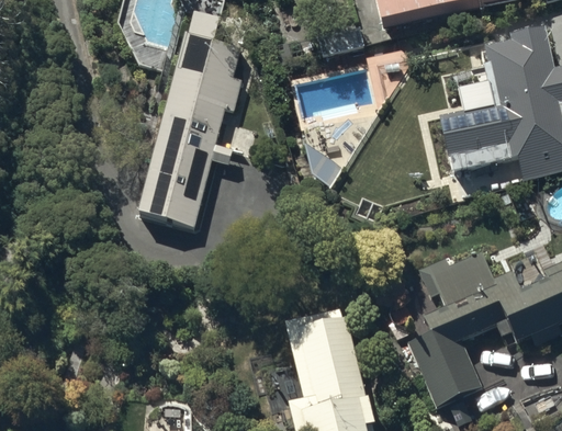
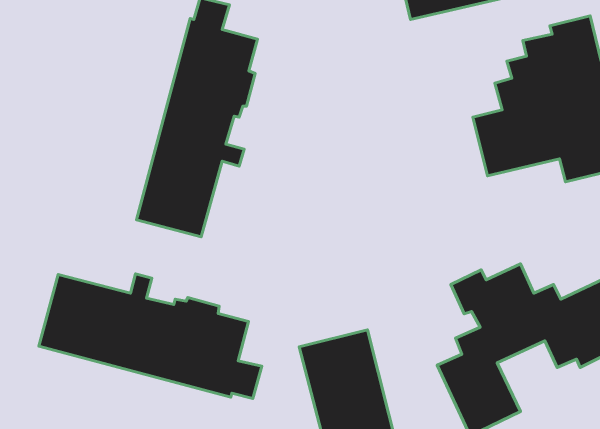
building: none -> [39,274,262,398]

